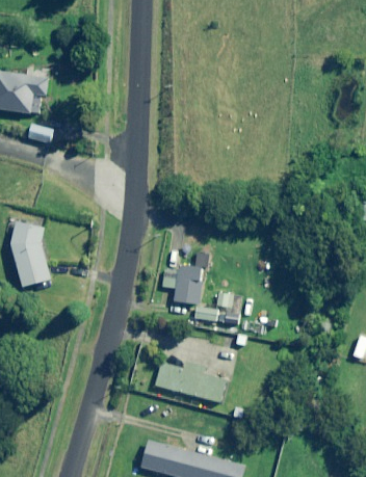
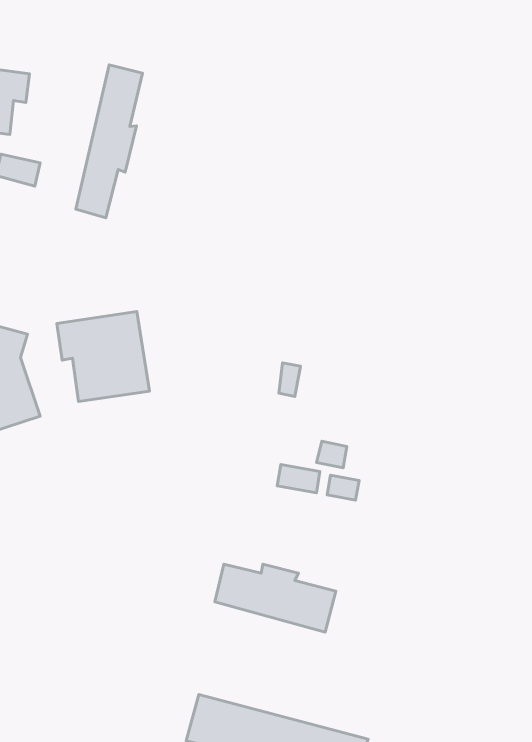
building: none -> [76,65,143,218]
building: none -> [57,311,150,402]
building: [161,266,203,303] -> none

